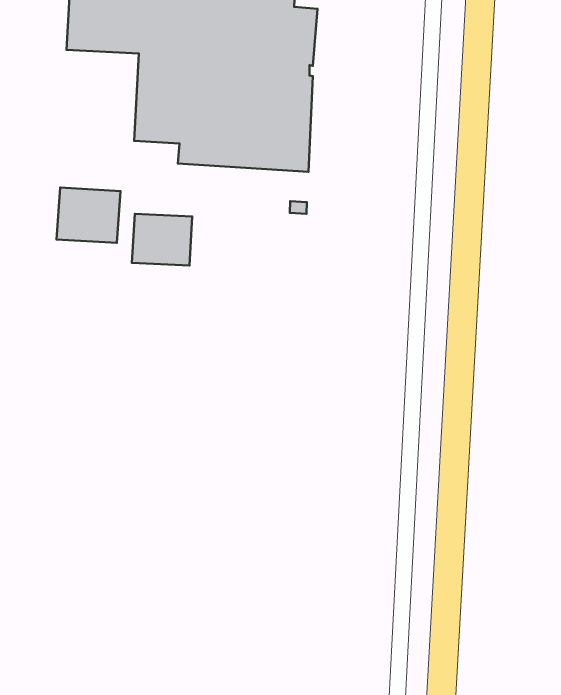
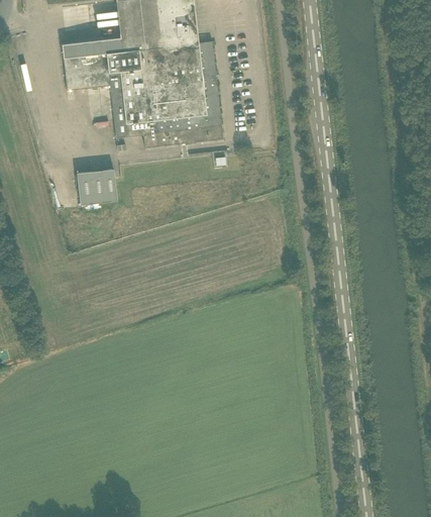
building: [132,214,192,265] -> none

